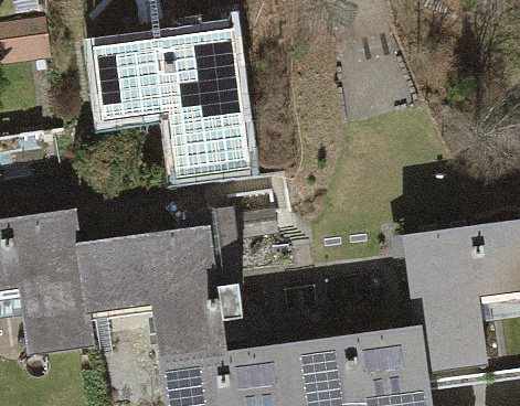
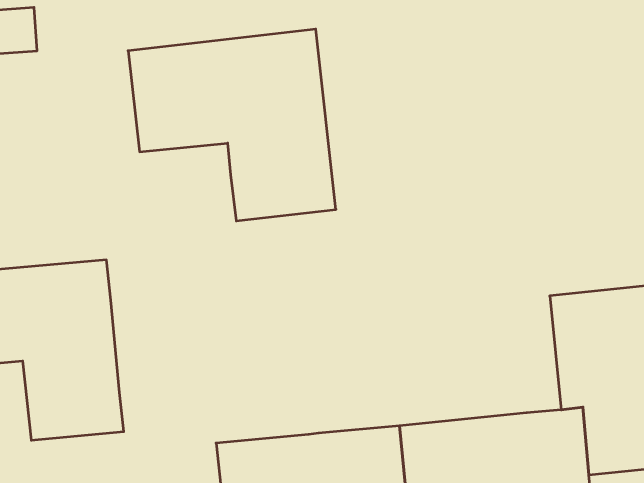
building: [86,231,237,353] -> none

